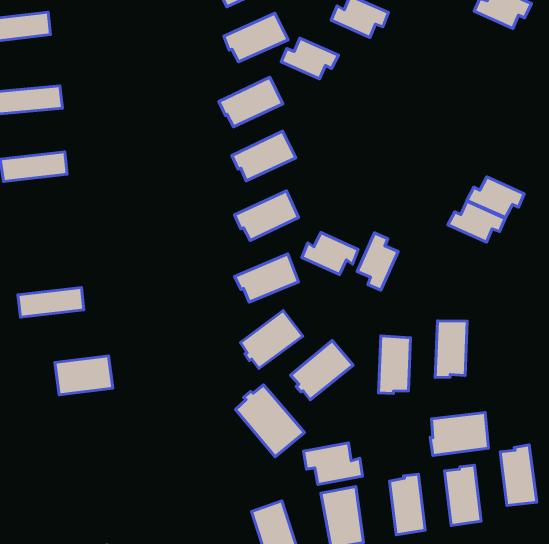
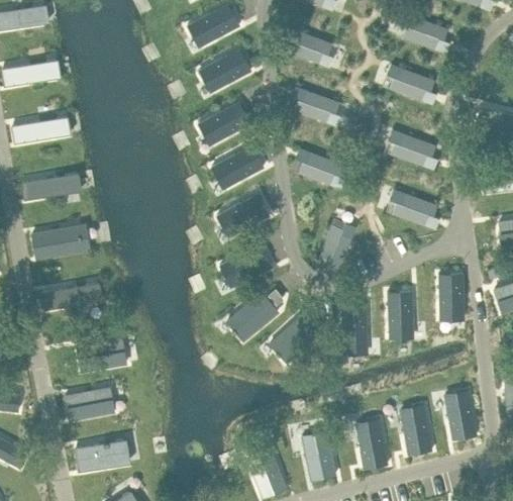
building: [281,38,338,79] -> [295,90,341,122]
building: none -> [389,68,435,101]
building: [467,177,524,218] -> [390,133,436,166]
building: none -> [32,224,81,258]
building: [302,232,358,274] -> [299,152,344,185]
building: none -> [439,273,465,320]
building: [236,385,305,457] -> none
building: [430,412,489,455] -> none
building: none -> [66,385,114,419]
building: [304,443,363,484] -> none
building: none -> [75,441,133,475]

